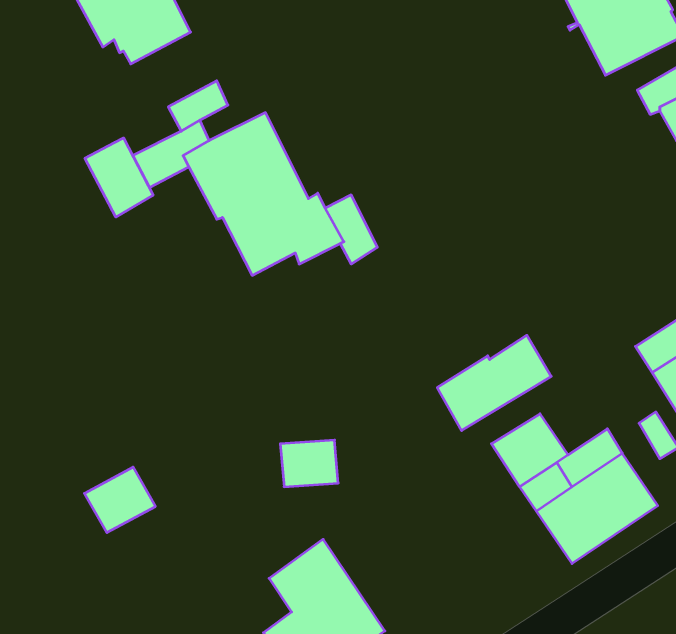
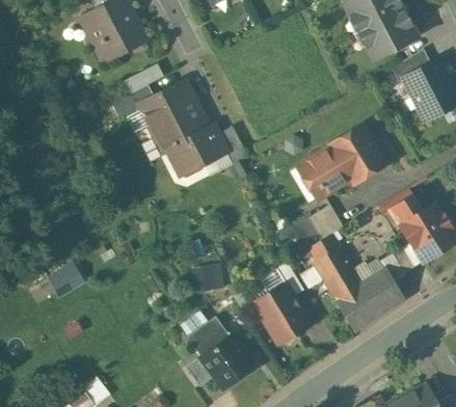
building: [85,138,153,217] -> none
building: none -> [297,127,384,198]
building: [84,467,155,533] -> [45,260,84,296]
building: none -> [252,284,310,340]

